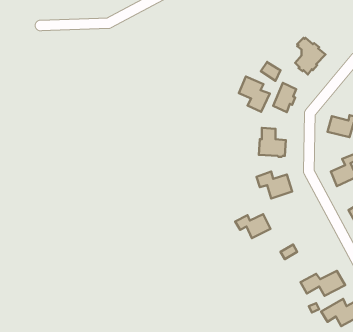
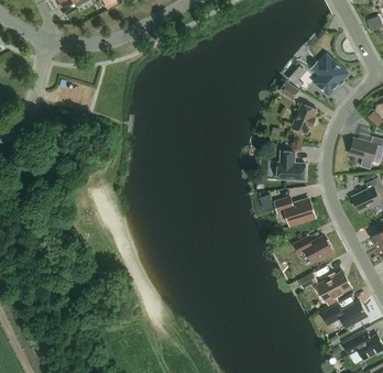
building: [239,76,270,112] -> none
building: [235,214,271,238] -> [294,235,331,261]
building: none -> [313,271,351,305]

